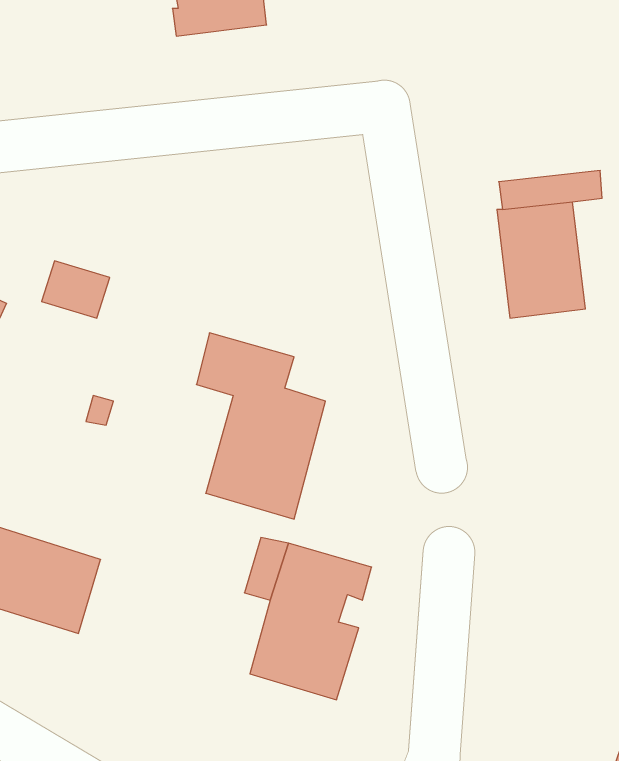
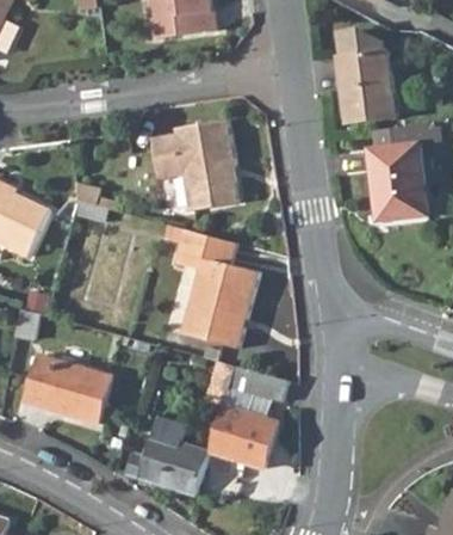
building: none -> [336,31,395,122]
building: none -> [151,122,236,210]
building: none -> [125,416,207,494]

